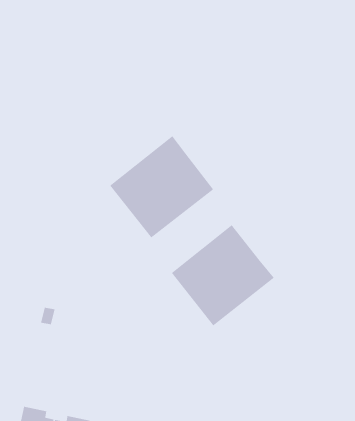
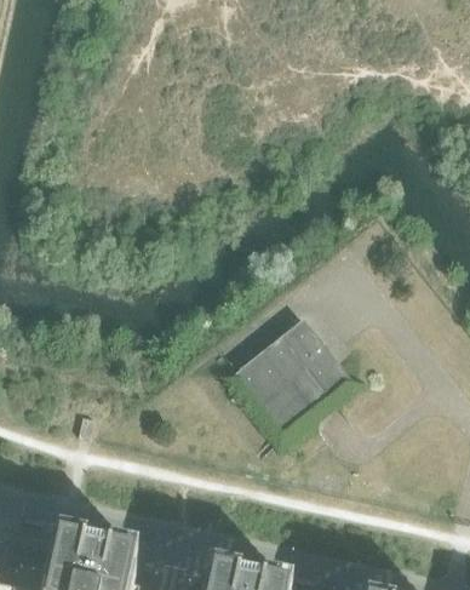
building: [109,135,214,239] -> none

